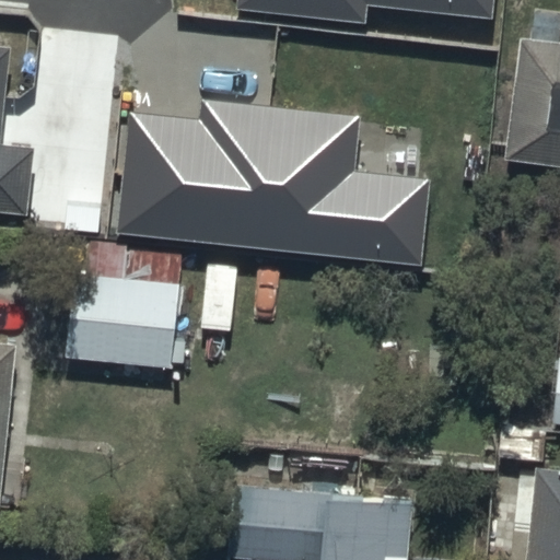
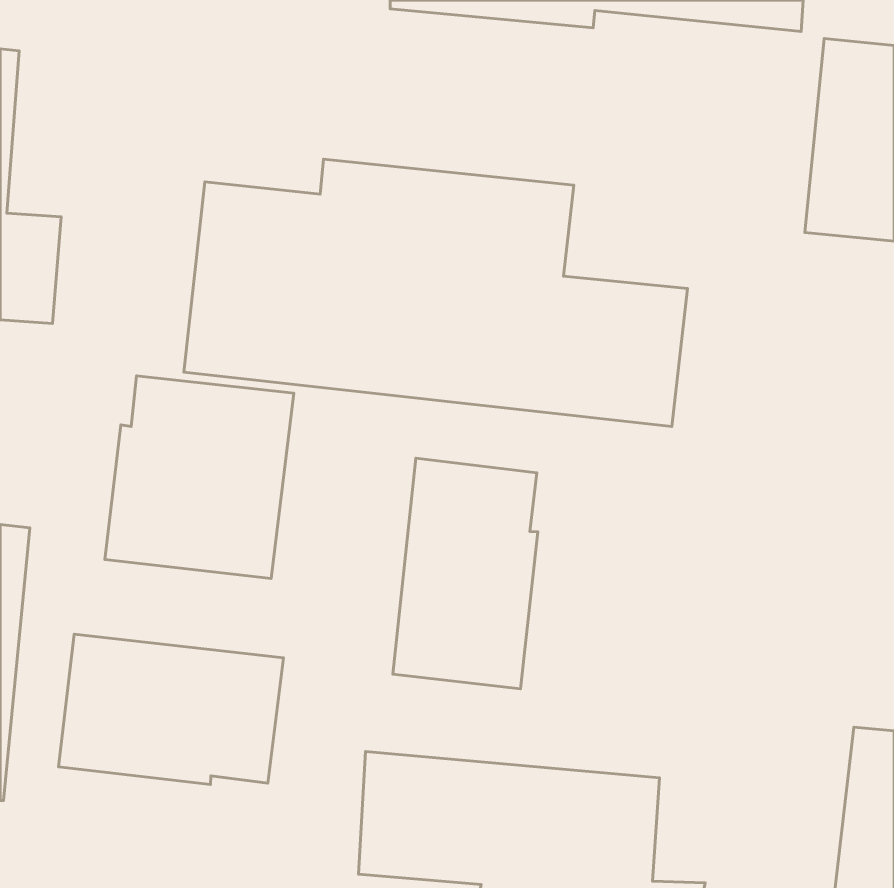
building: none -> [393,458,538,689]
building: none -> [59,634,284,784]

